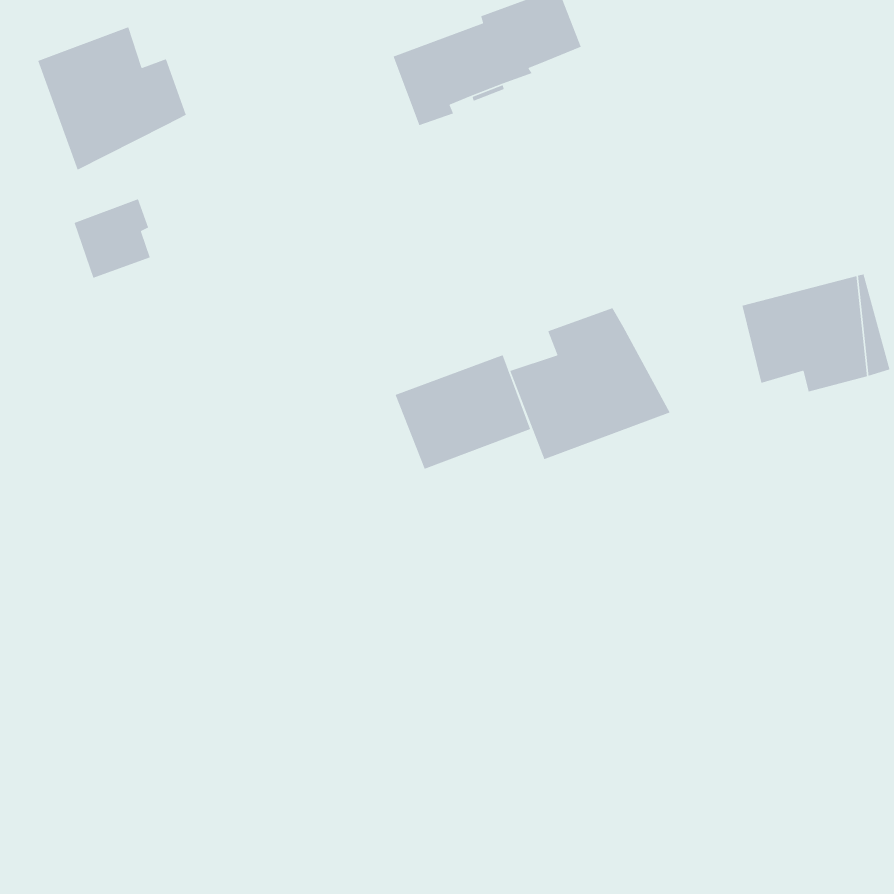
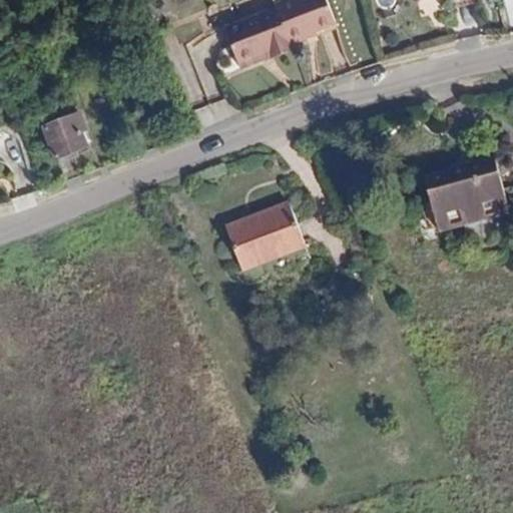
building: [37,26,187,171] -> none
building: [509,307,671,460] -> none

